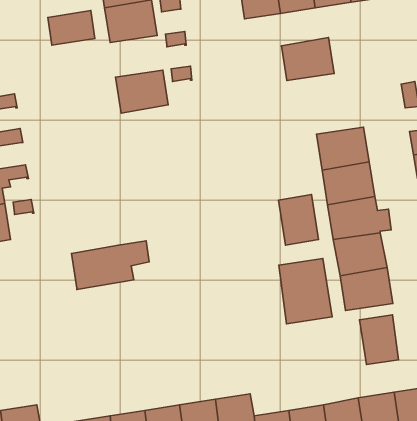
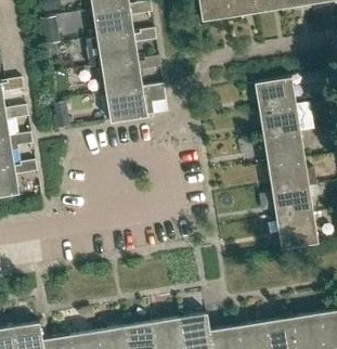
building: none -> [86,34,138,68]
building: [281,37,334,80] -> [254,77,295,111]
building: [278,194,319,245] -> none
building: [71,241,149,289] -> [105,85,166,122]
building: [279,259,332,324] -> none
building: [360,315,398,365] -> none

